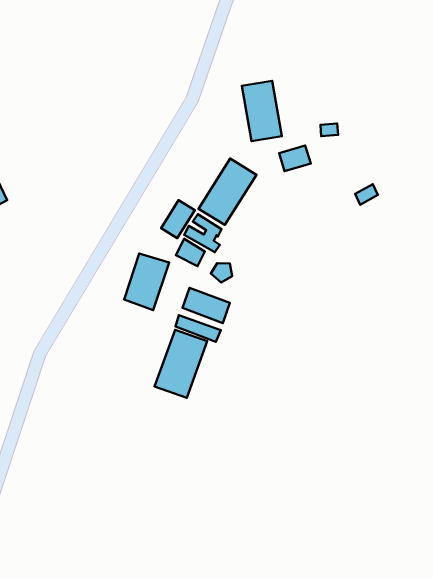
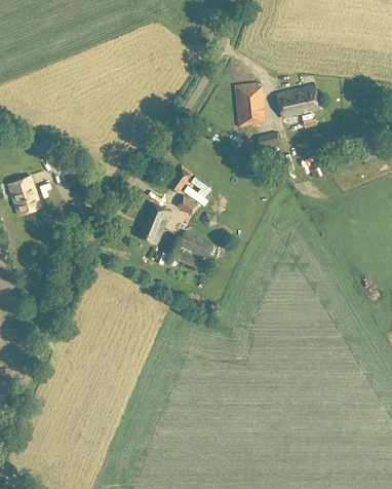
building: none -> [277,85,322,117]
building: [199,159,256,225] -> none
building: [155,330,207,398] -> none

